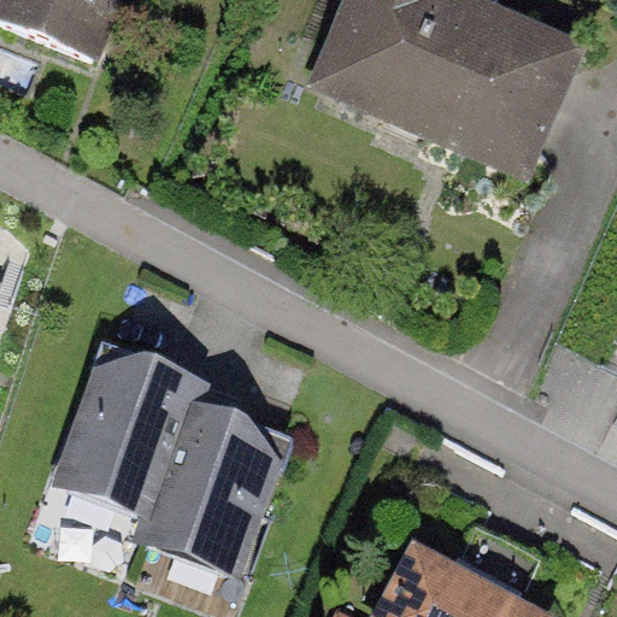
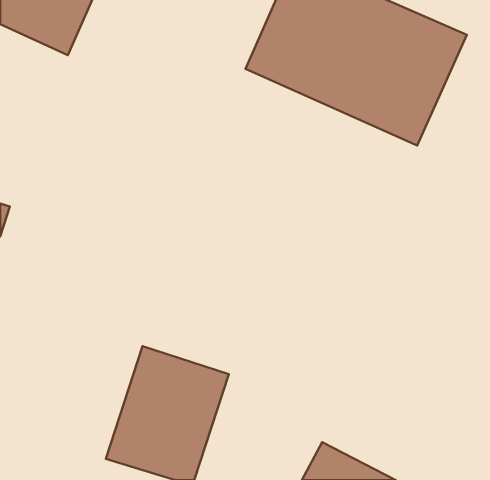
building: [39,365,192,540] -> none

